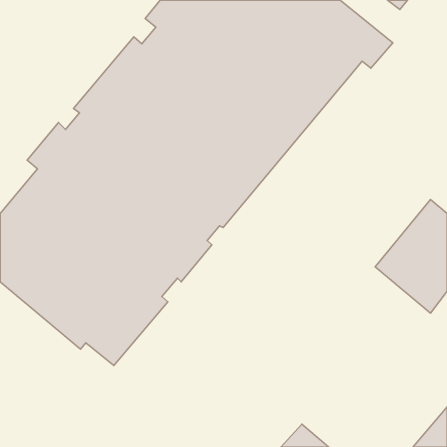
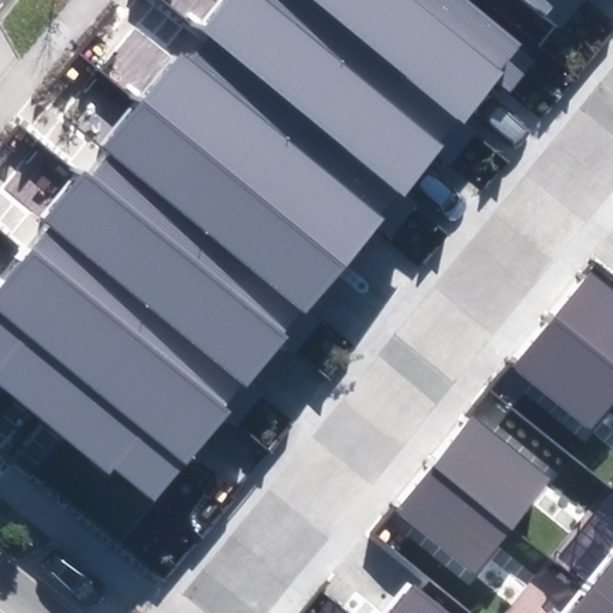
building: none -> [399,420,552,576]

